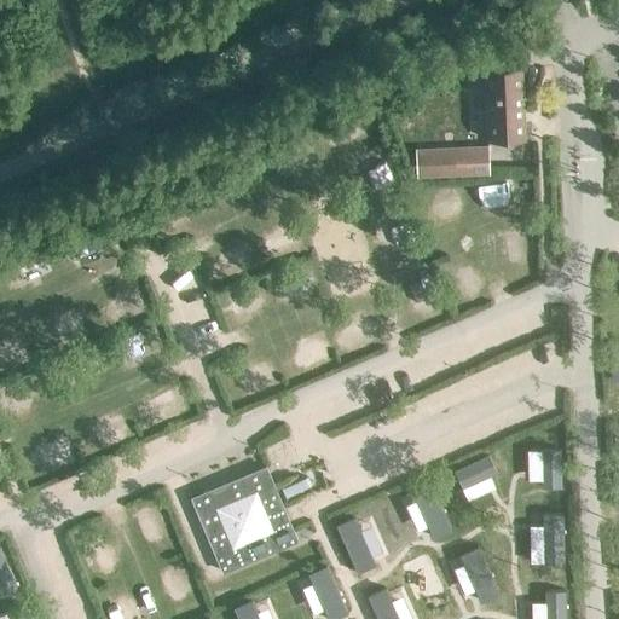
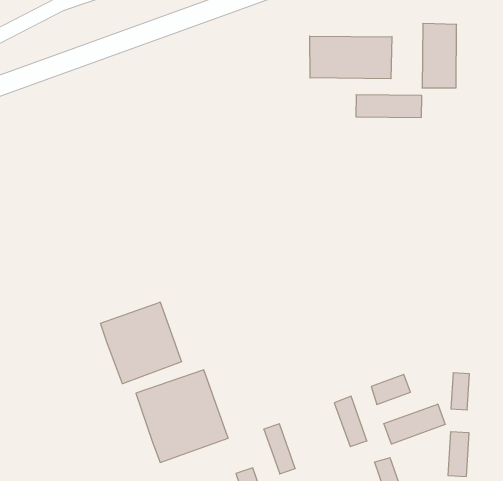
building: none -> [310,36,392,79]
building: none -> [100,302,181,384]
building: none -> [384,404,445,444]

